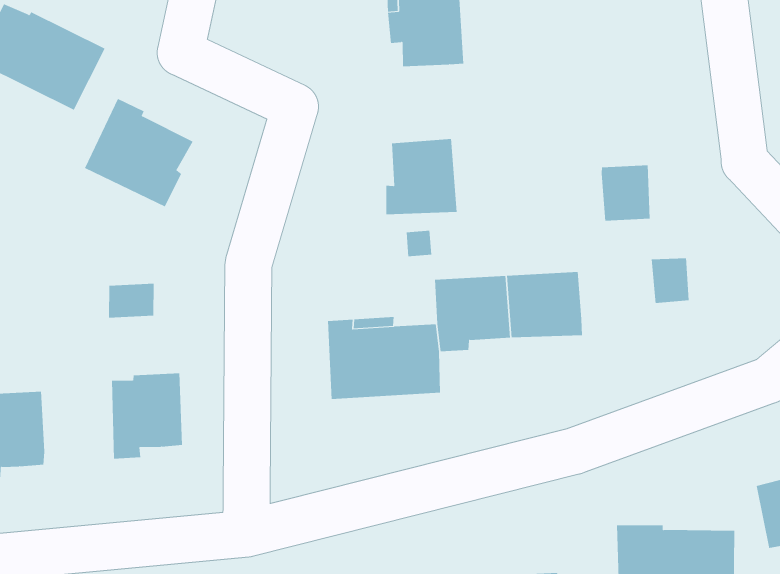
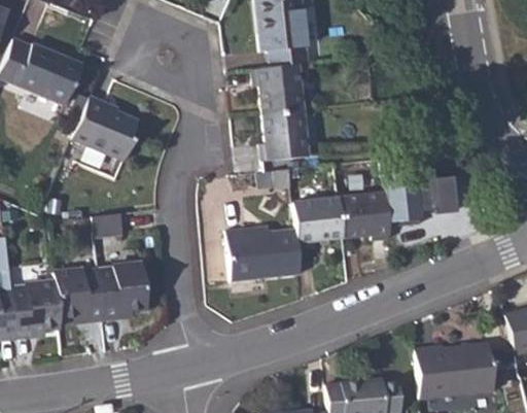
building: none -> [253,63,303,114]
building: [601,165,650,221] -> [387,181,420,218]
building: none -> [54,273,101,324]

